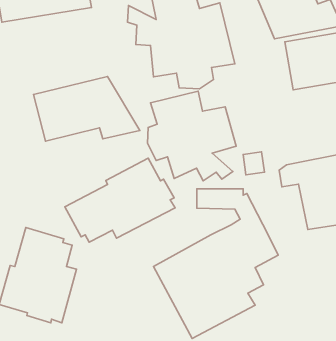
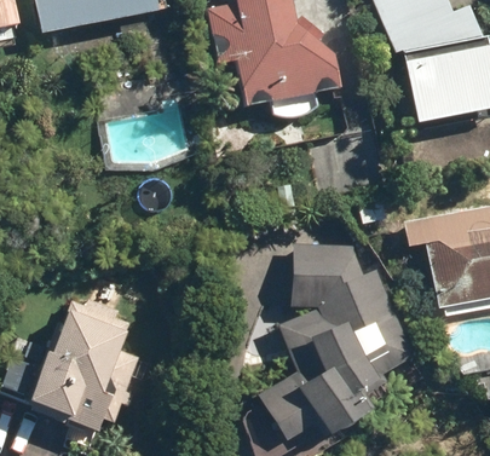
building: [33,76,140,141] -> none
building: [147,91,236,181] -> none
building: [65,158,175,242] -> none

